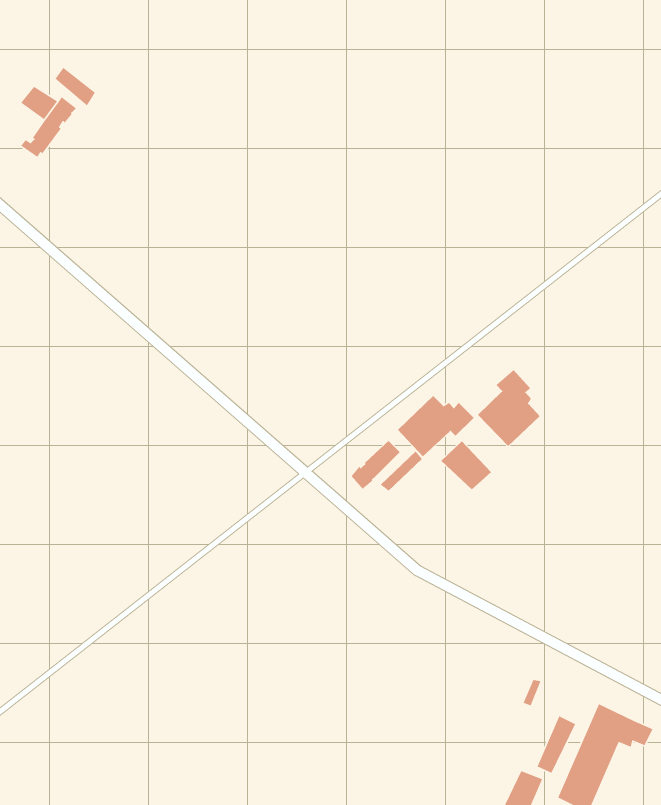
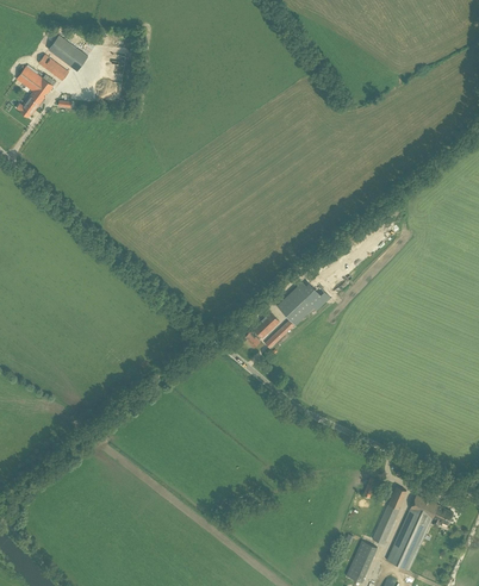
building: none -> [48,36,87,71]
building: [477,369,540,447] -> none
building: [440,440,492,490] -> none

